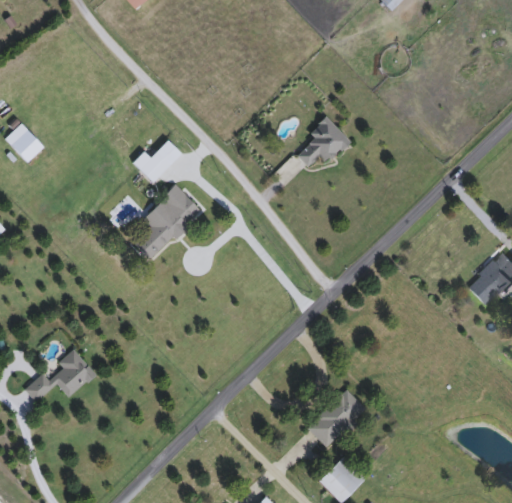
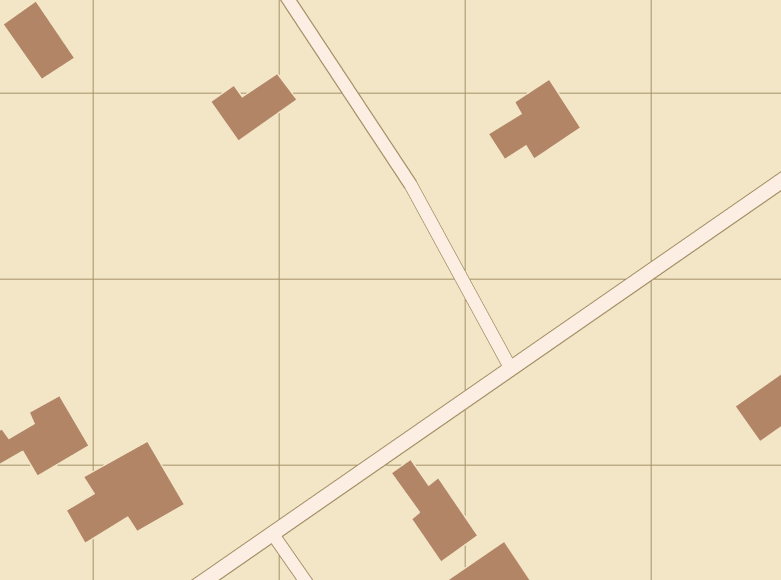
building: [134,187,203,260] -> none
building: none -> [391,459,478,562]
building: none -> [66,441,185,543]

